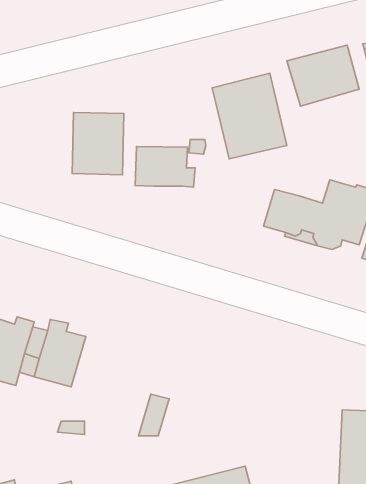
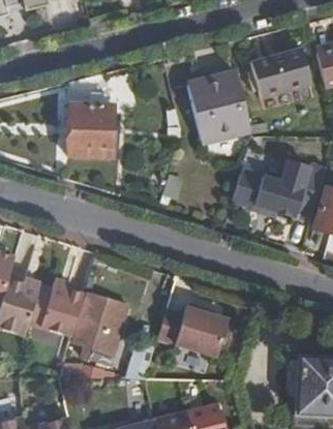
building: [135,147,195,187] -> none
building: none -> [72,294,127,364]
building: none -> [155,306,225,355]

